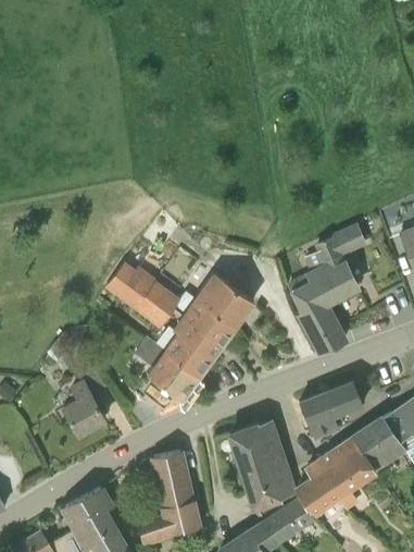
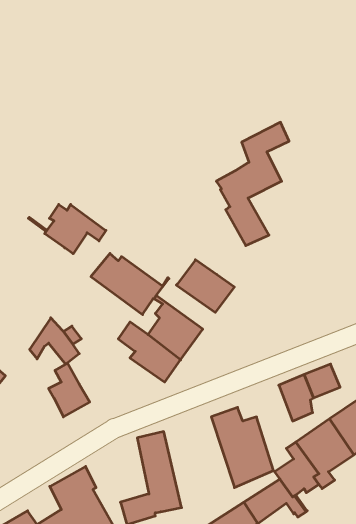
building: none -> [28,204,106,254]
building: [290,224,365,352] -> [216,122,289,246]
building: [174,292,235,344] -> none

